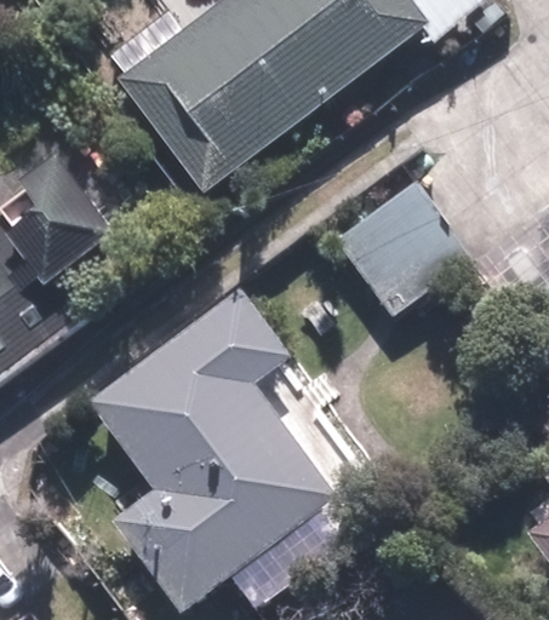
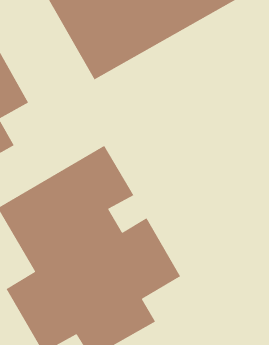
building: [332,177,473,316] -> none

